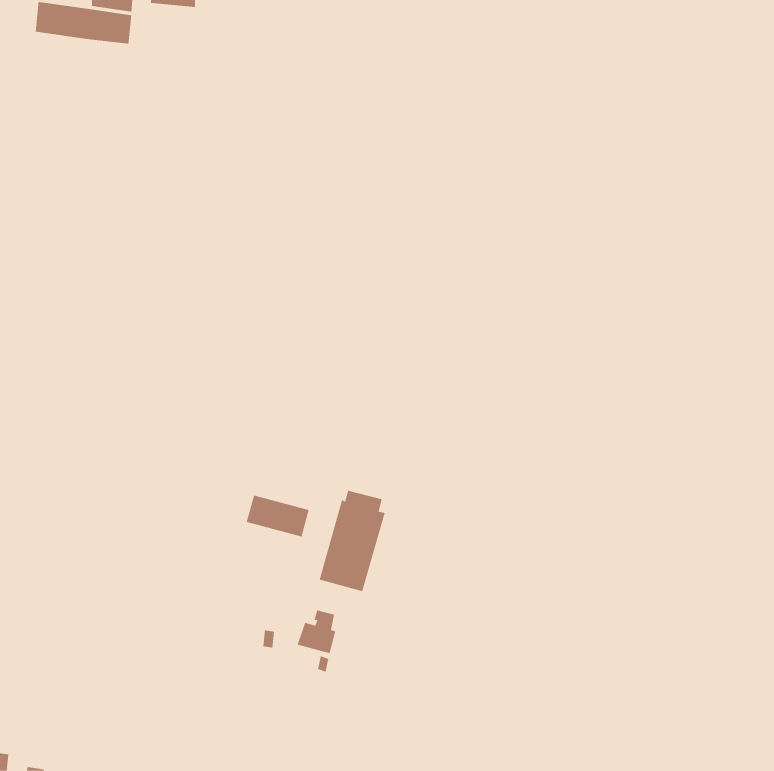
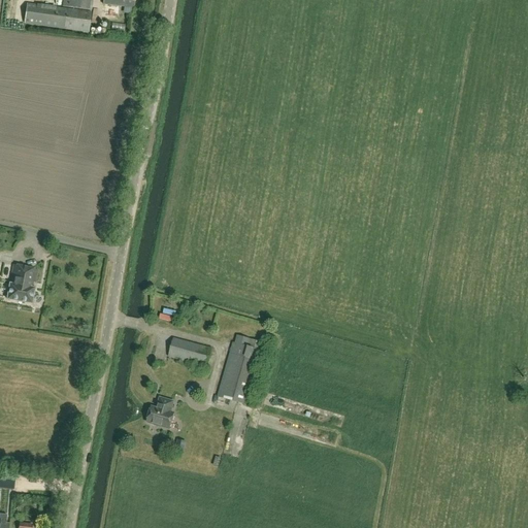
building: none -> [5,263,36,301]
building: [297,610,336,654] -> [145,396,172,426]

